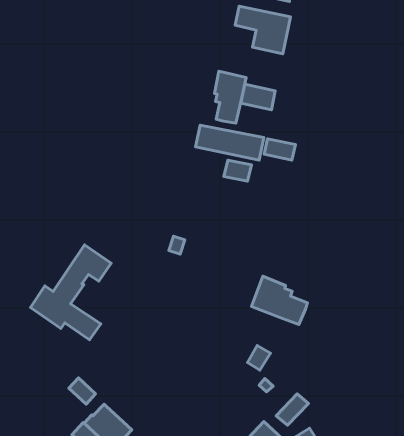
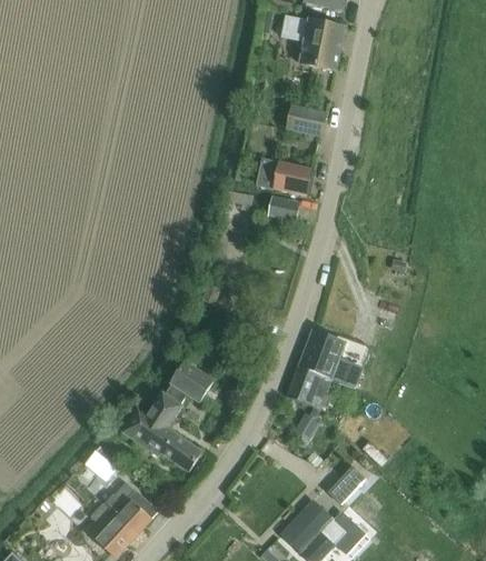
building: [215,71,246,123] -> none
building: [264,139,295,160] -> none
building: [30,245,111,340] -> [119,359,214,470]
building: none -> [287,365,333,409]

